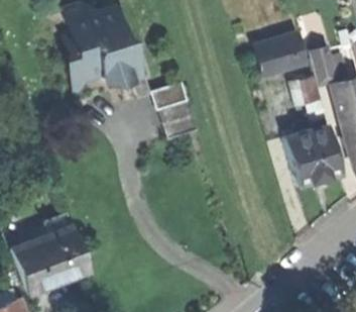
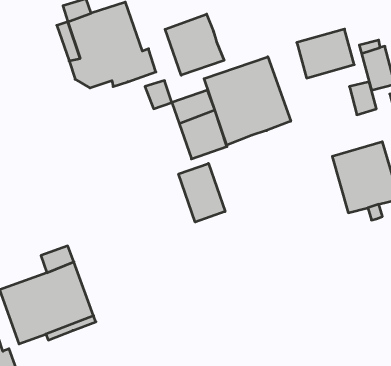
building: none -> [165,14,224,75]
building: none -> [204,57,291,145]
building: none -> [179,163,225,222]

